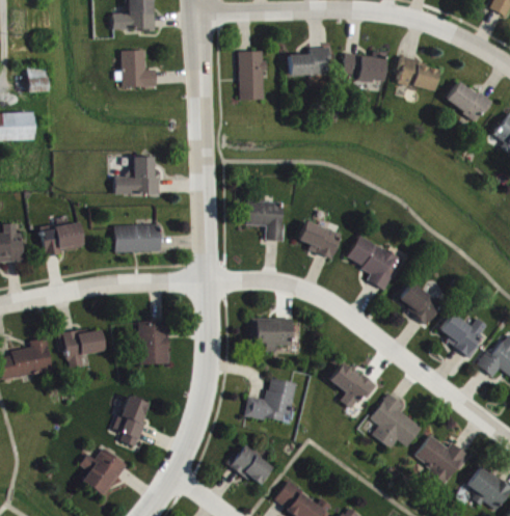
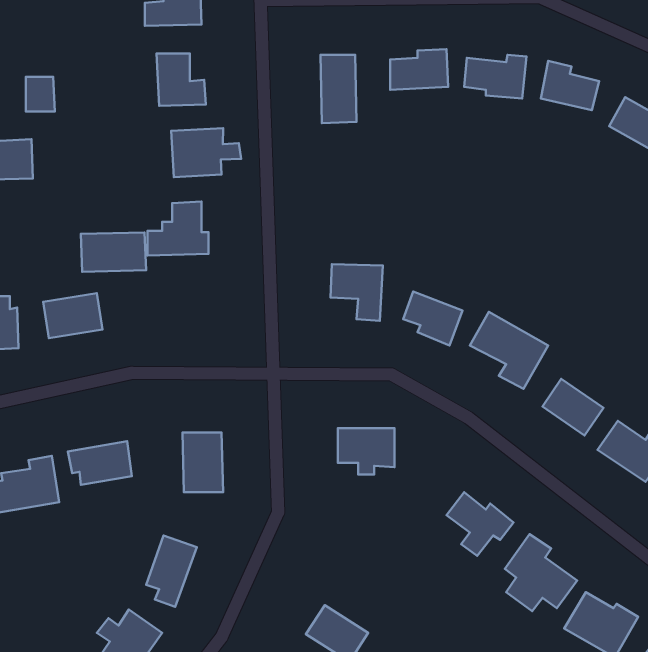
building: none -> [171,128,241,177]
building: [114,224,161,252] -> [81,233,146,272]
building: [245,378,296,423] -> none

